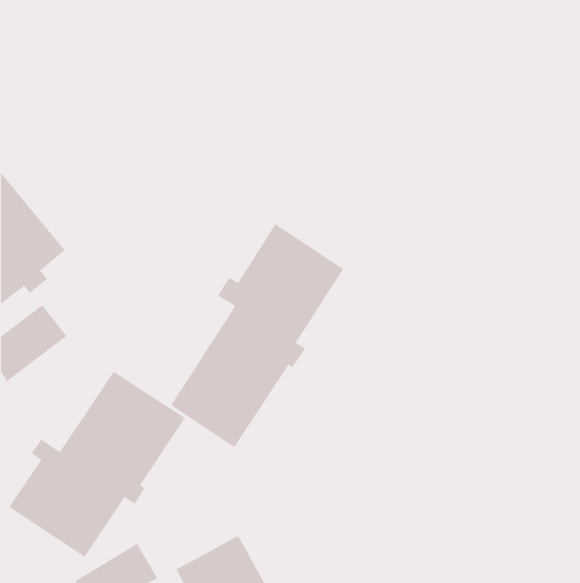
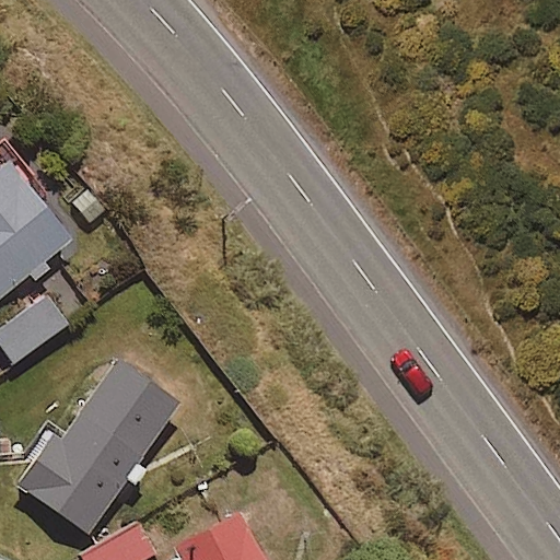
building: [170,223,344,448] -> none

